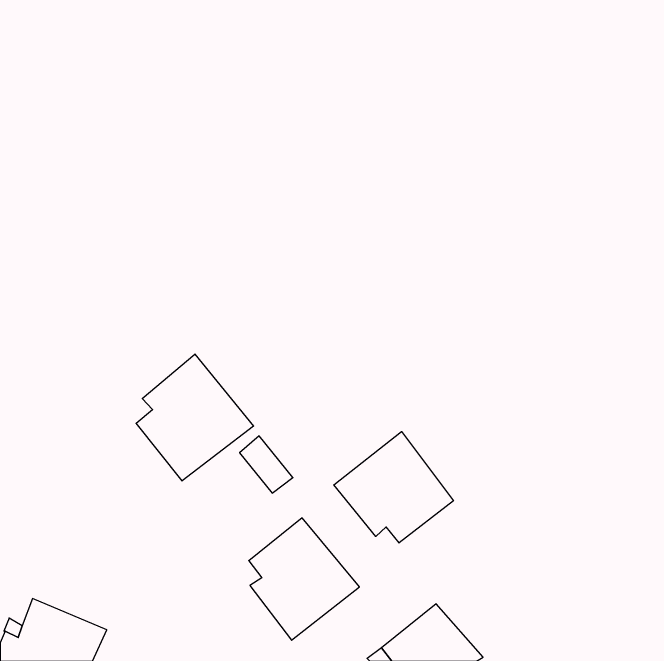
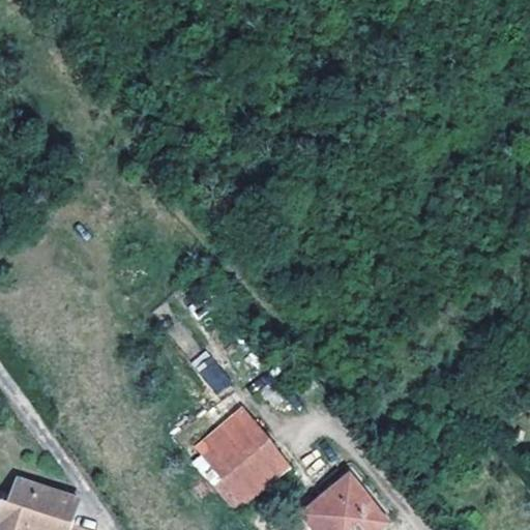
building: [136,354,254,481] -> none
building: [334,432,453,543] -> none

